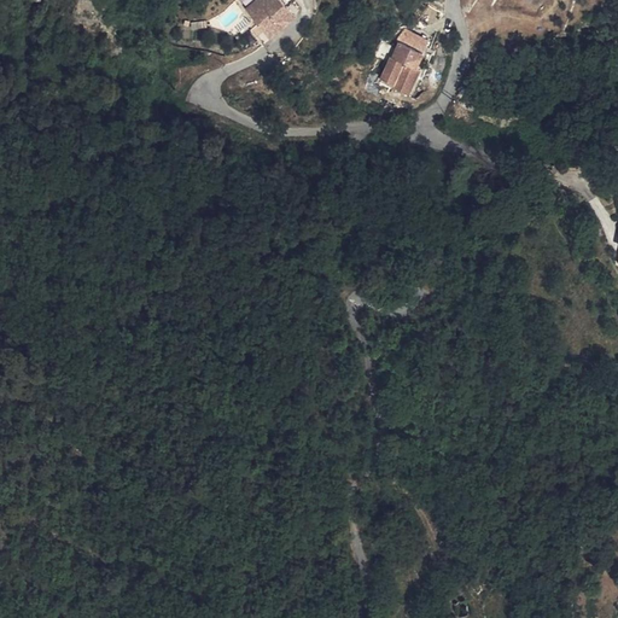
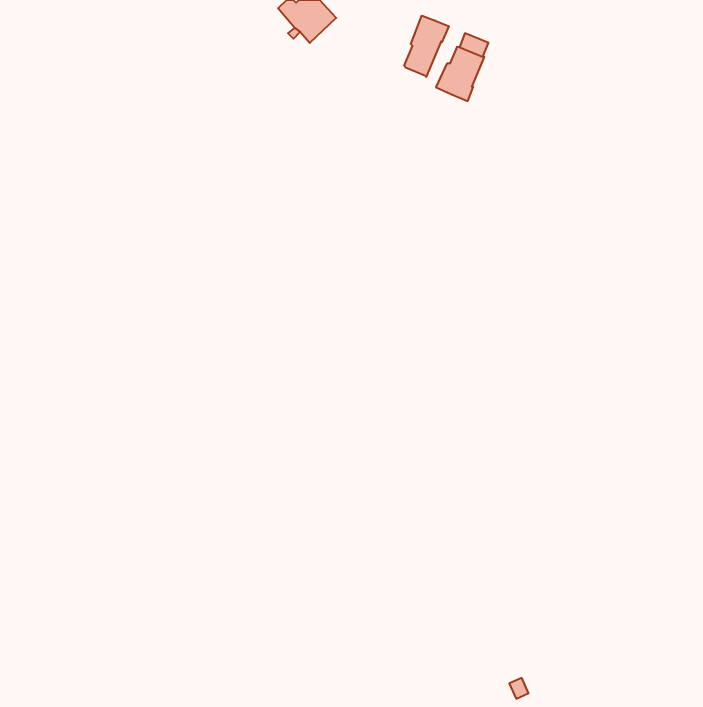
building: none -> [404,16,449,77]

